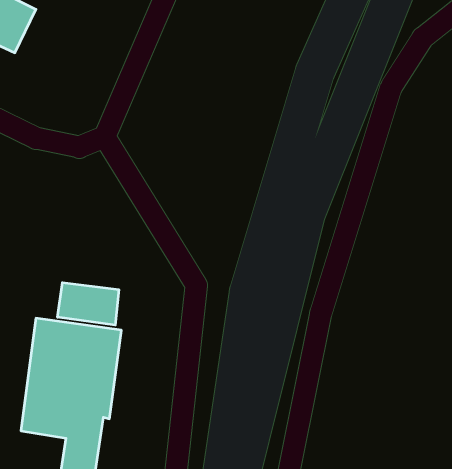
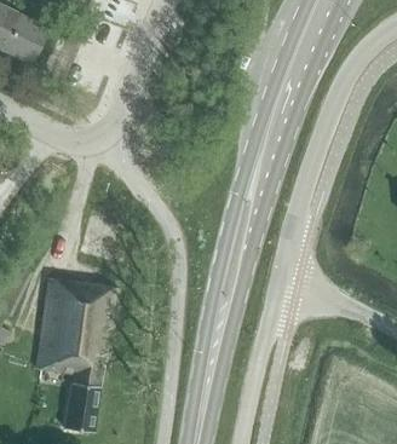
building: [58,283,119,325] -> none

